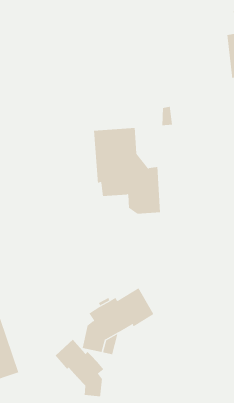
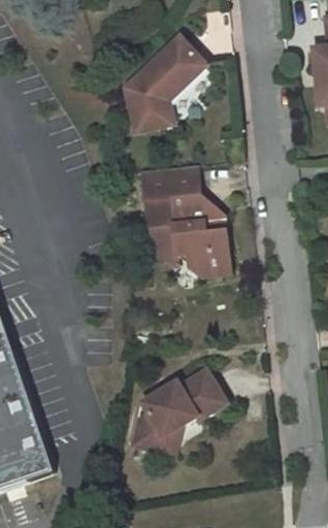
building: none -> [126,40,208,133]
building: [55,339,104,397] -> none

